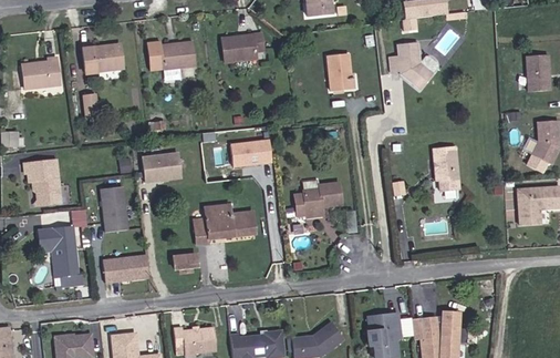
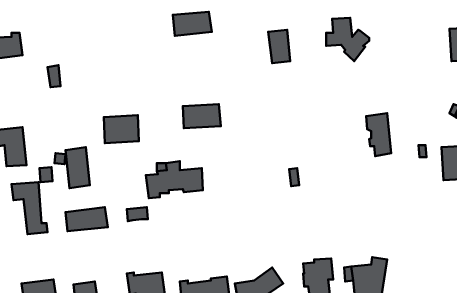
building: [159,43,195,70] -> none
building: [80,45,121,74] -> none
building: [294,184,341,215] -> none

